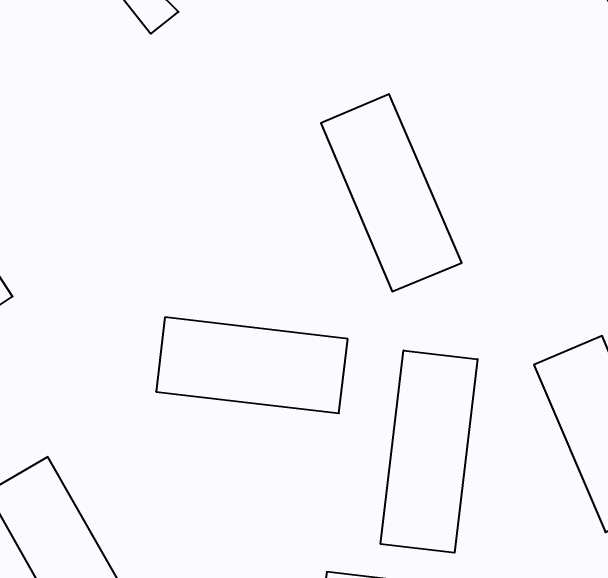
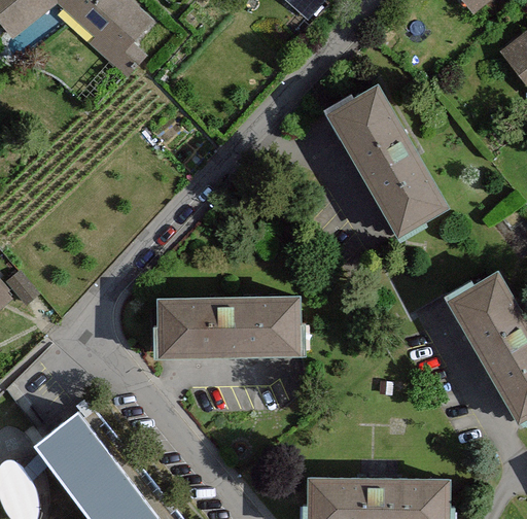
building: [321,94,462,292] -> [325,82,448,236]
building: [381,350,478,553] -> none

